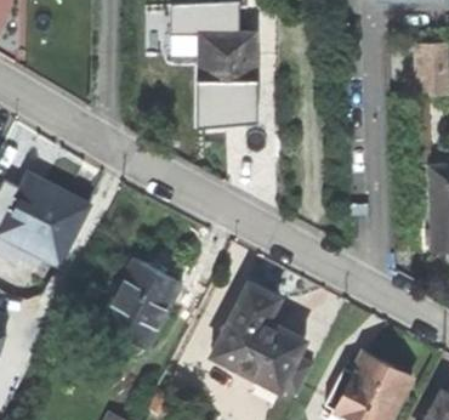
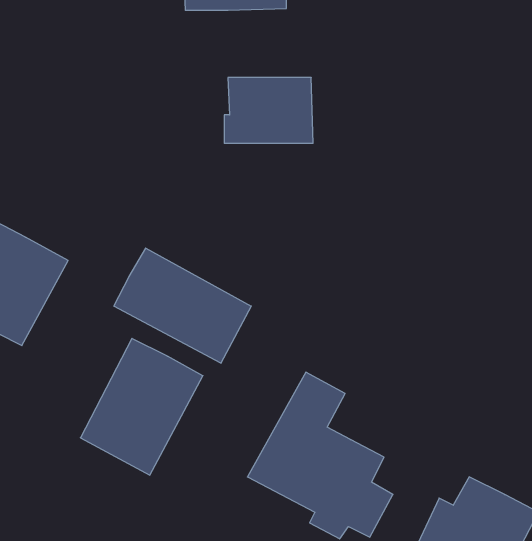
building: [199,32,256,79] -> none
building: none -> [114,248,251,363]

